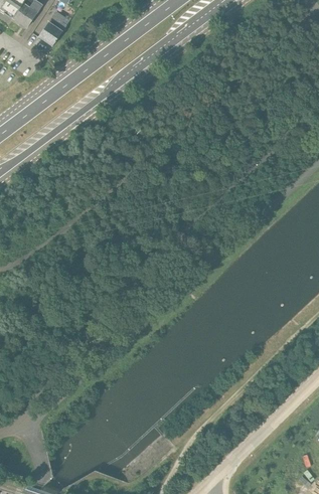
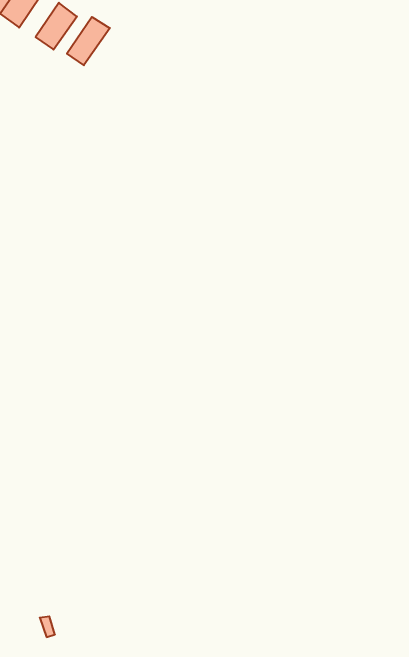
building: none -> [67,17,110,65]

